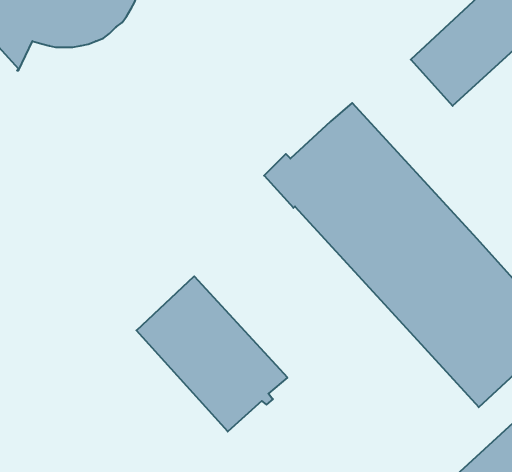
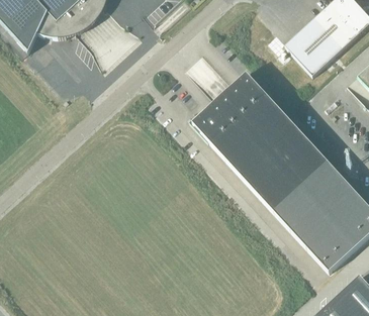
building: [136,276,287,432] -> none

